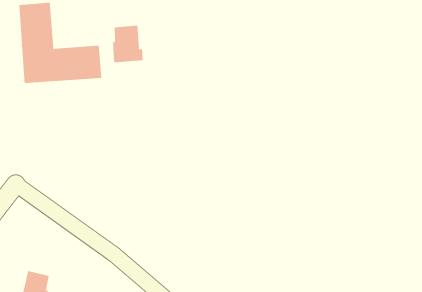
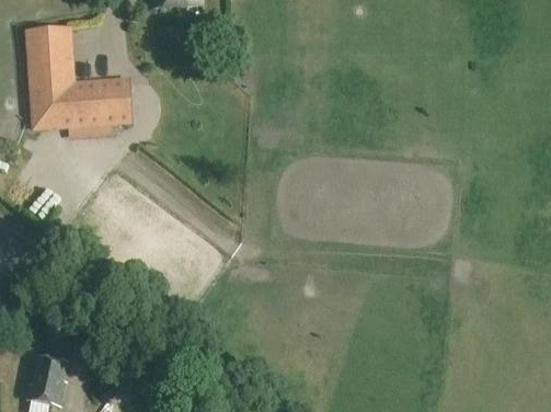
building: [113,25,143,63] -> none

